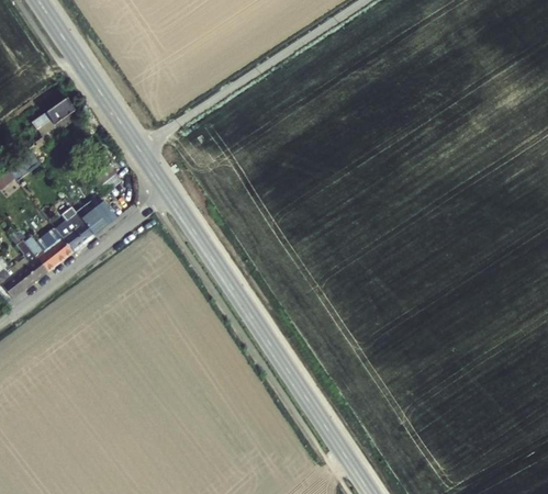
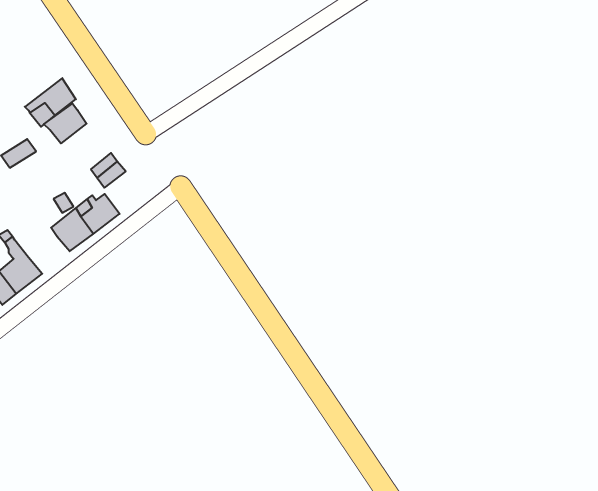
building: none -> [44,104,87,143]
building: [24,235,72,269] -> none

